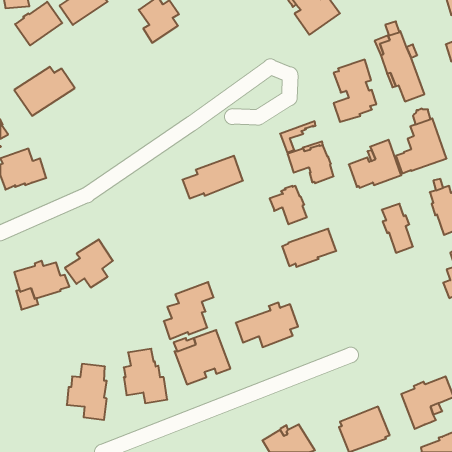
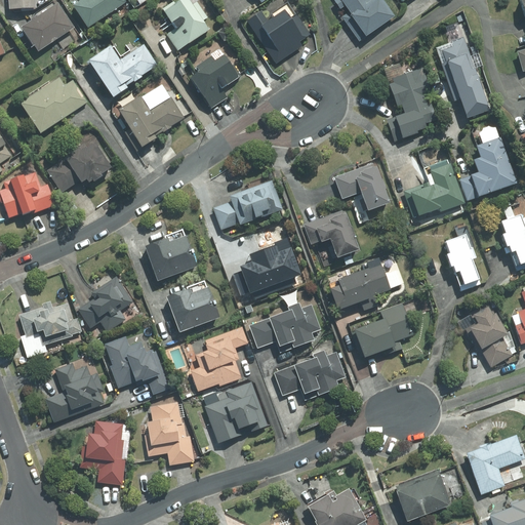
building: none -> [247,10,312,63]
building: none -> [86,44,158,98]
building: none -> [190,54,239,109]
building: none -> [117,96,185,152]
building: [280,121,316,152] -> [302,209,344,245]
building: none -> [48,140,110,192]
building: none -> [143,230,196,282]
building: none -> [235,244,298,293]
building: none -> [165,281,218,333]
building: none -> [249,301,321,352]
building: none -> [353,304,413,358]
building: none -> [466,307,514,366]
building: none -> [106,336,170,394]
building: none -> [45,362,106,422]

